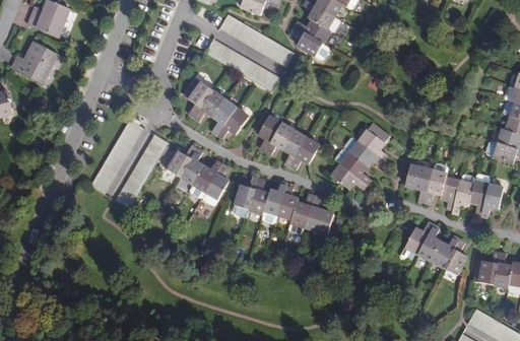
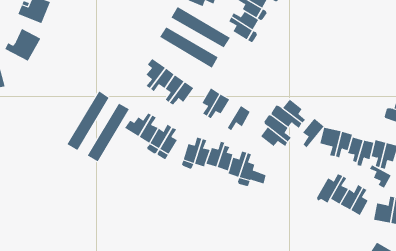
building: [282,130,307,165] -> none
building: none -> [302,118,324,148]
building: none -> [369,165,392,189]

